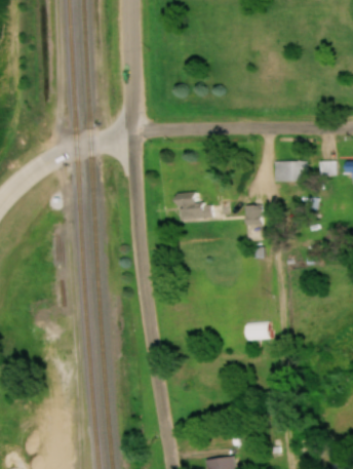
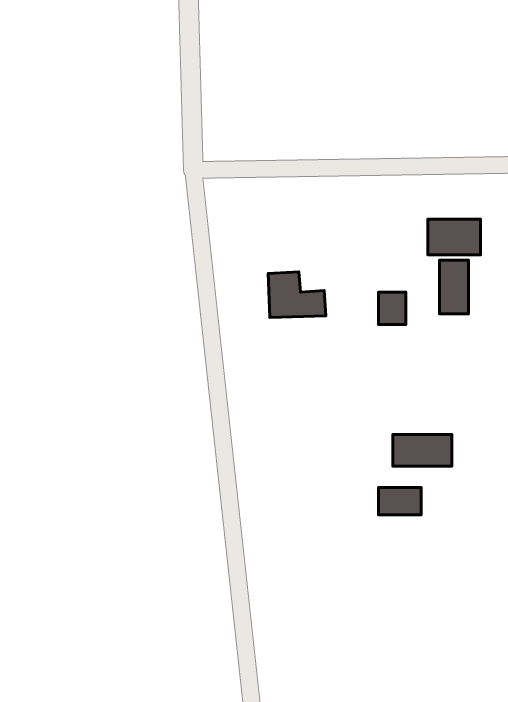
building: none -> [440,260,468,314]
building: none -> [393,435,452,466]

